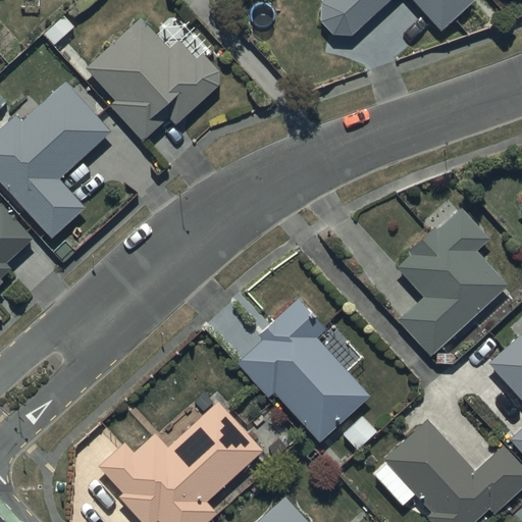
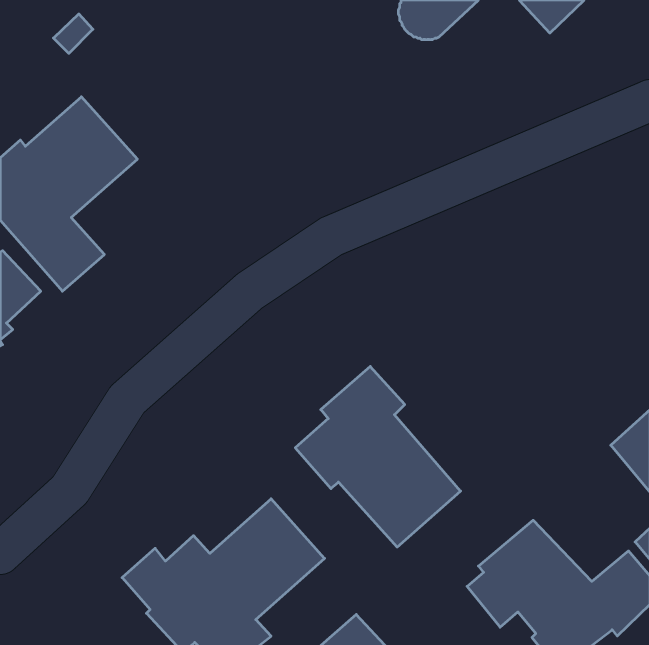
building: [87,16,219,141] -> none
building: [397,210,509,356] -> none

